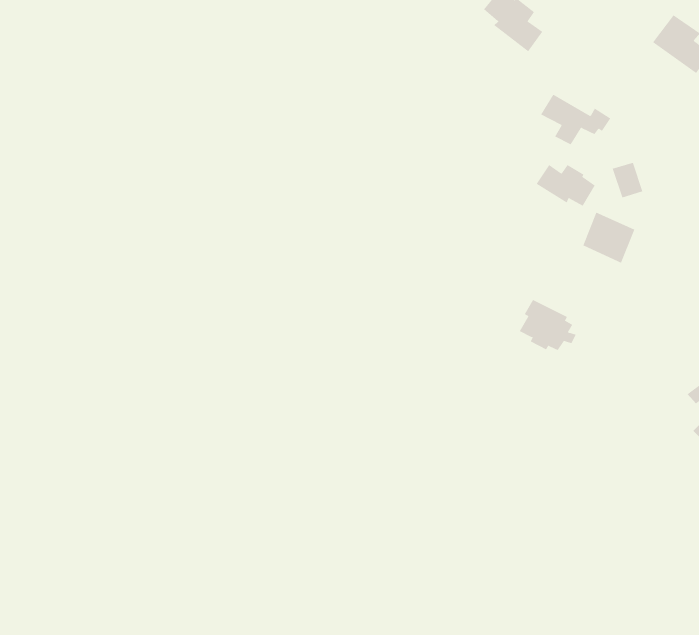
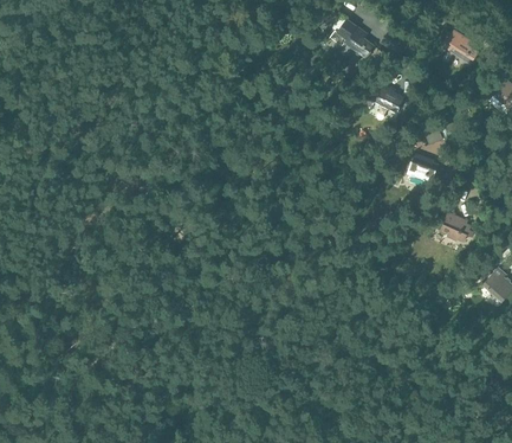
building: [536,164,595,206] -> none
building: [519,299,576,351] -> [439,210,474,240]

